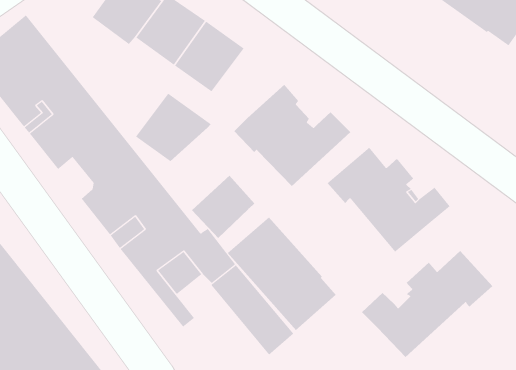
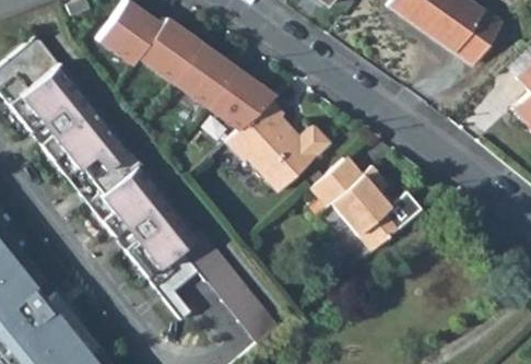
building: [135,93,212,162] -> [205,67,274,129]
building: [191,175,255,239] -> none
building: [227,216,337,331] -> none
building: [361,250,493,358] -> none

